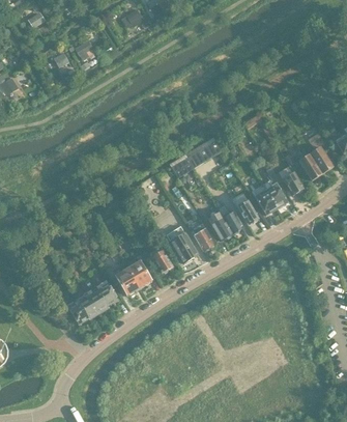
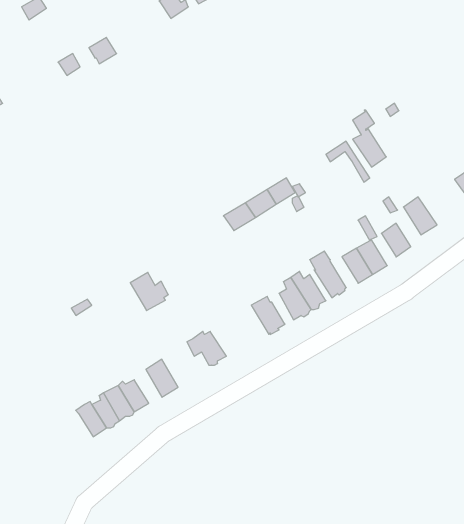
building: [309,133,332,173] -> [353,110,386,167]
building: [166,226,197,262] -> none
building: [127,261,154,288] -> [130,272,168,311]

